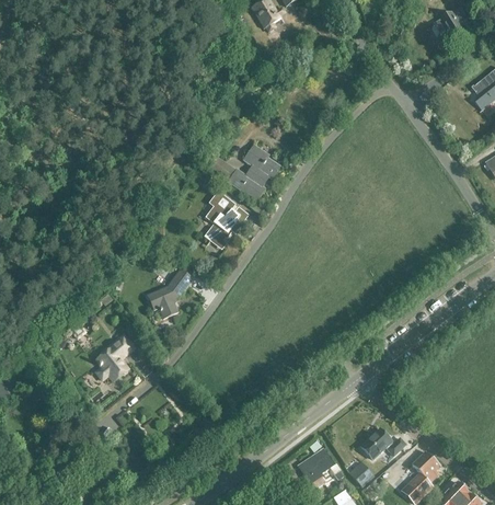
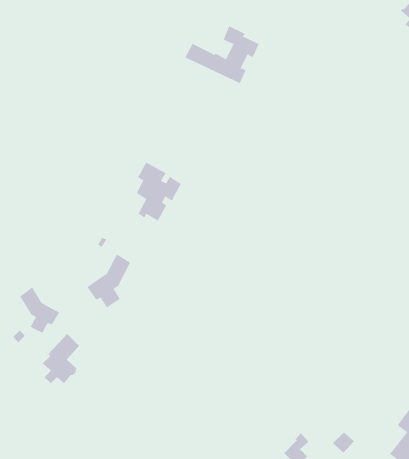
building: [208,145,278,199] -> [185,26,259,84]
building: none -> [20,287,60,333]
building: [360,428,405,459] -> none

